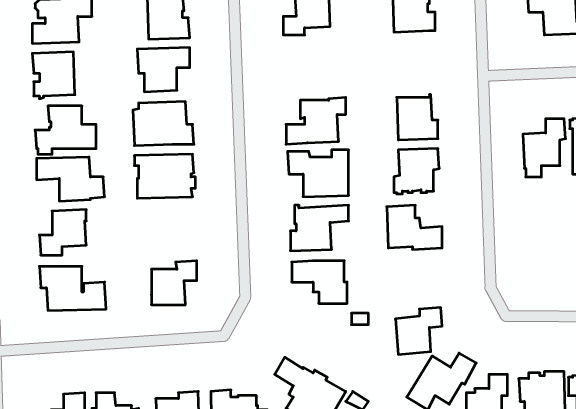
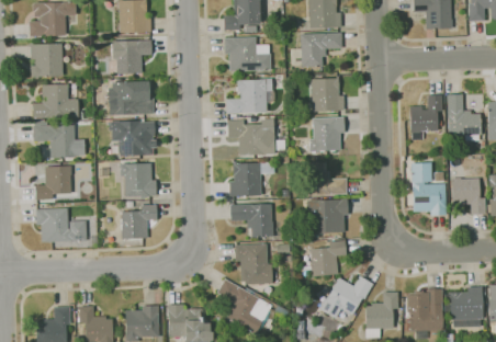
building: none -> [300,32,342,67]
building: none -> [224,36,271,70]
building: none -> [119,162,157,196]
building: none -> [410,162,446,216]
building: none -> [306,198,348,233]
building: none -> [235,243,279,285]

